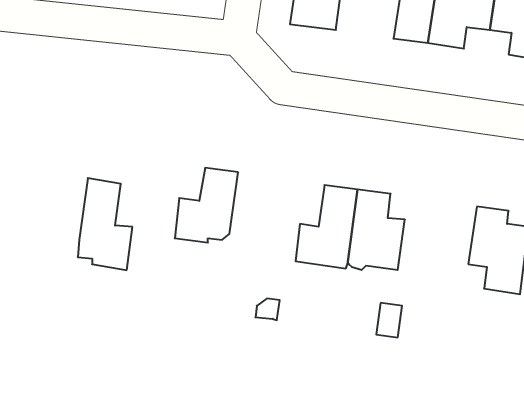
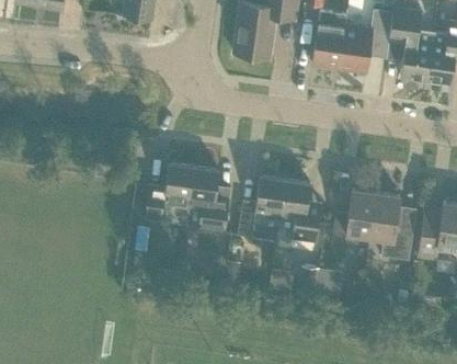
building: [78,178,132,270] -> [186,167,228,237]
building: none -> [331,190,376,247]

